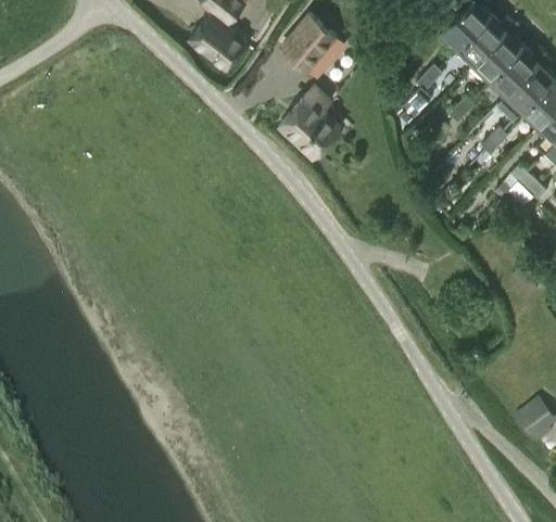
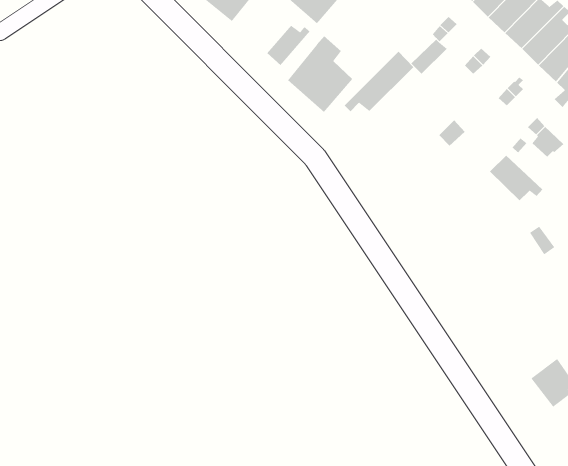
building: none -> [266,25,311,66]
building: none -> [344,51,414,112]
building: none -> [489,155,543,201]

